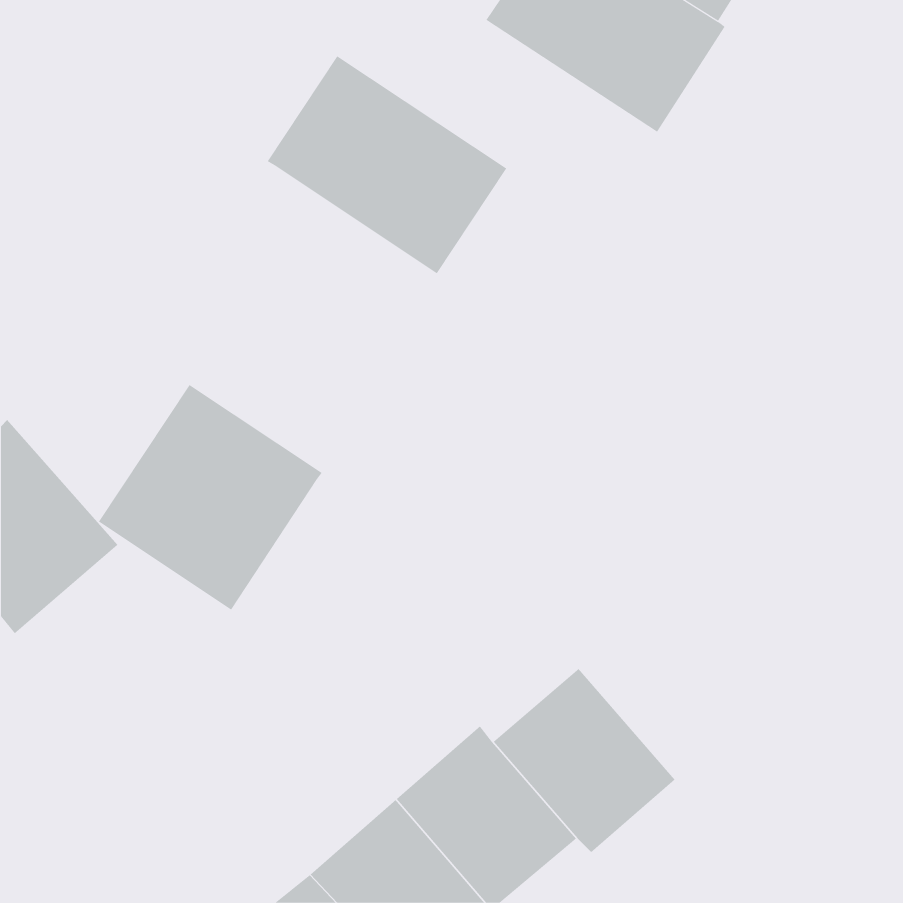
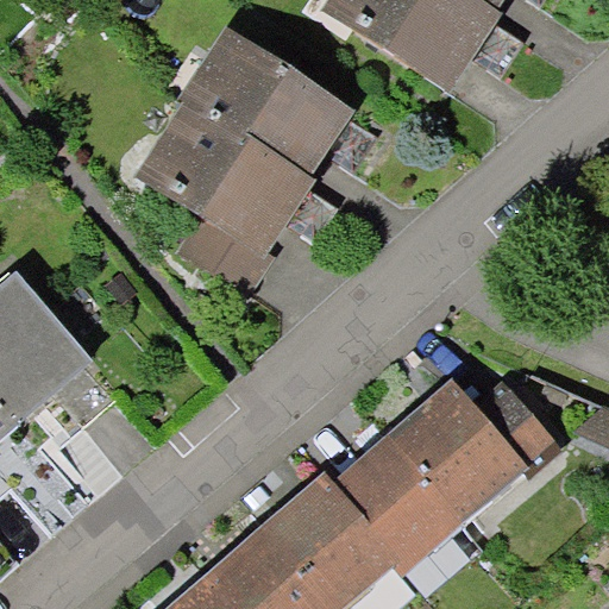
building: none -> [145,111,304,289]
building: [98,384,323,610] -> none
building: none -> [393,387,553,517]

